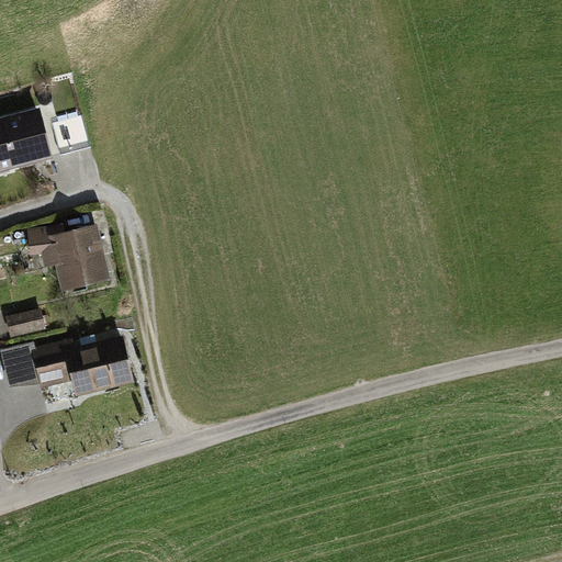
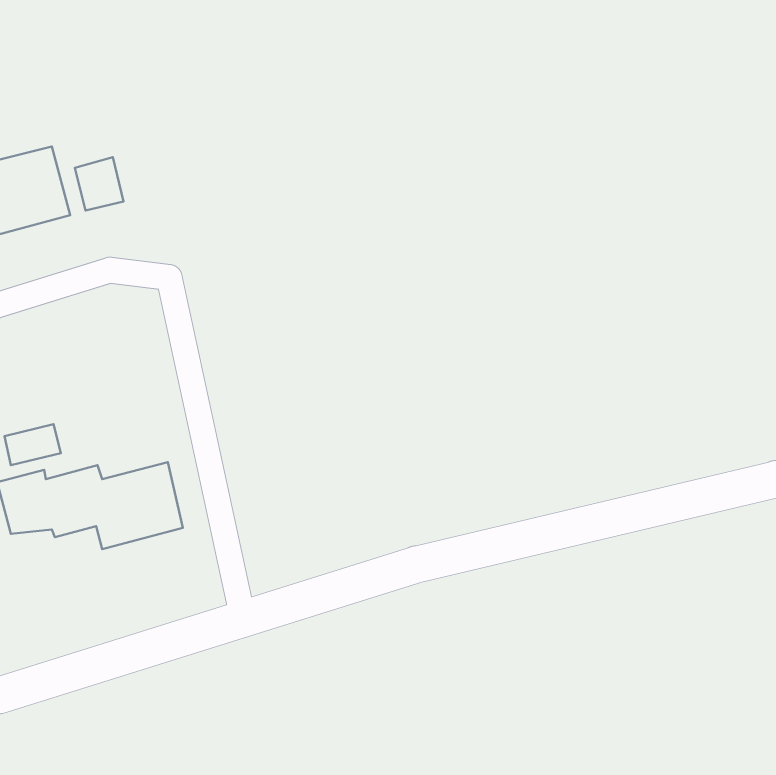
building: [22,225,110,291] -> none

